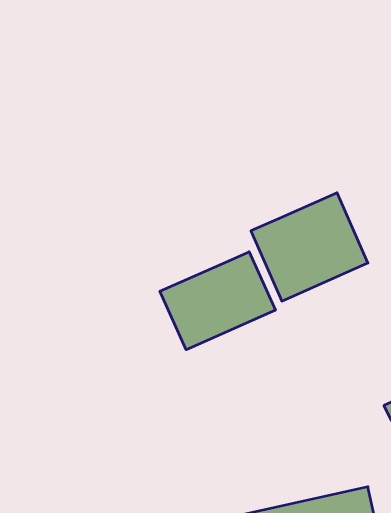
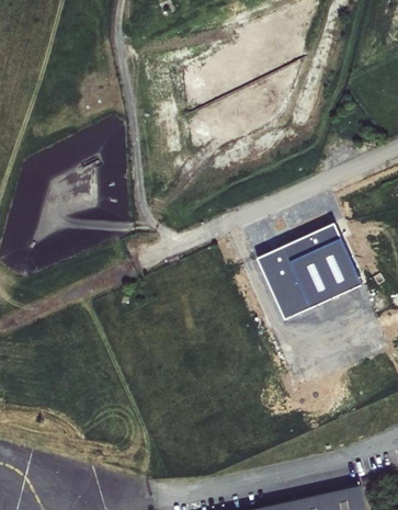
building: [160,252,275,350] -> none

